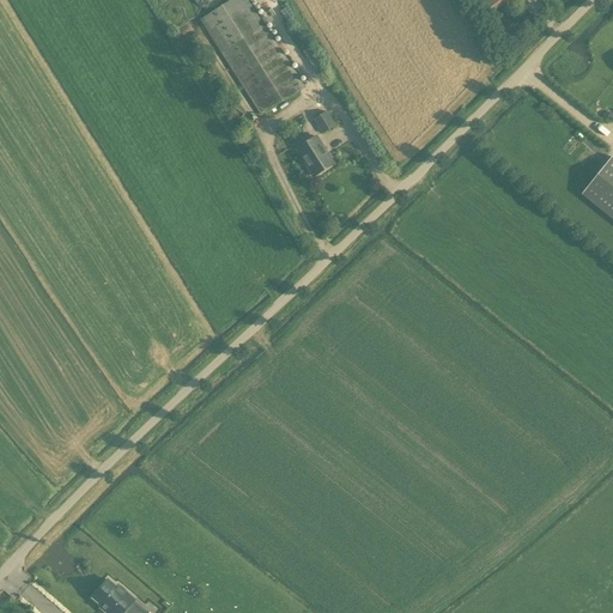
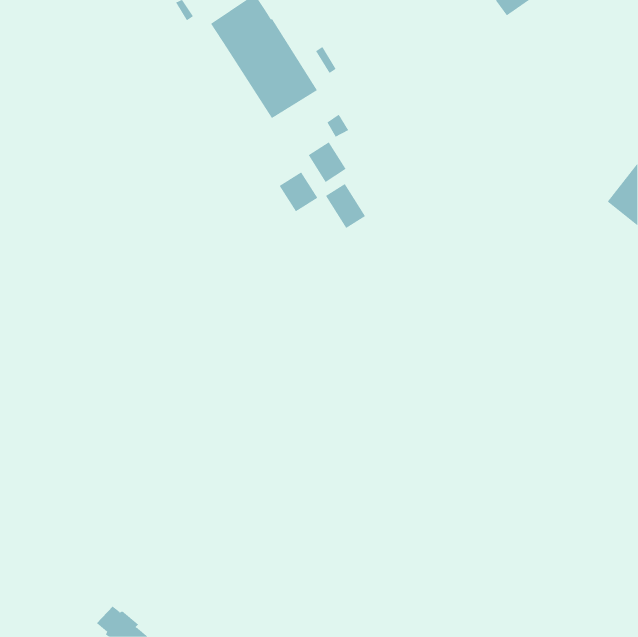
building: none -> [279,172,318,212]
building: none -> [325,183,366,229]

